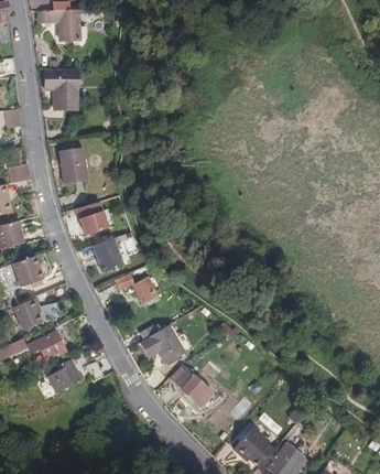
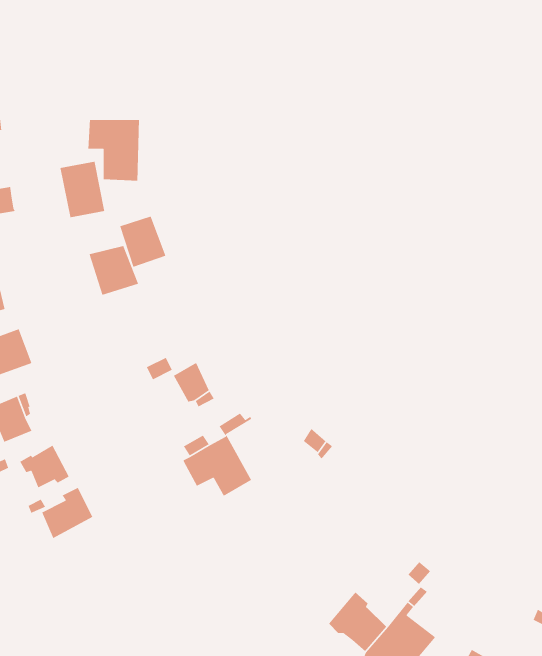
building: [43,69,77,110] -> [88,119,140,182]
building: [94,237,124,271] -> [119,216,166,268]
building: [170,365,211,406] -> none

